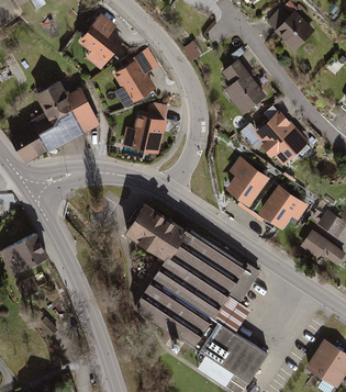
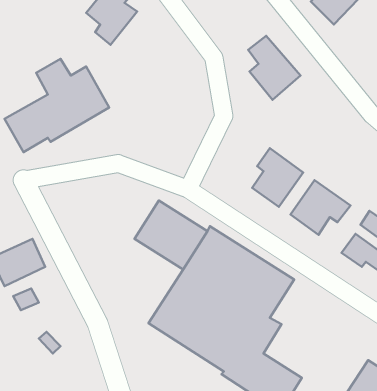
building: [112,53,155,109] -> none
building: [121,103,167,156] -> none
building: [254,112,309,167] -> none

